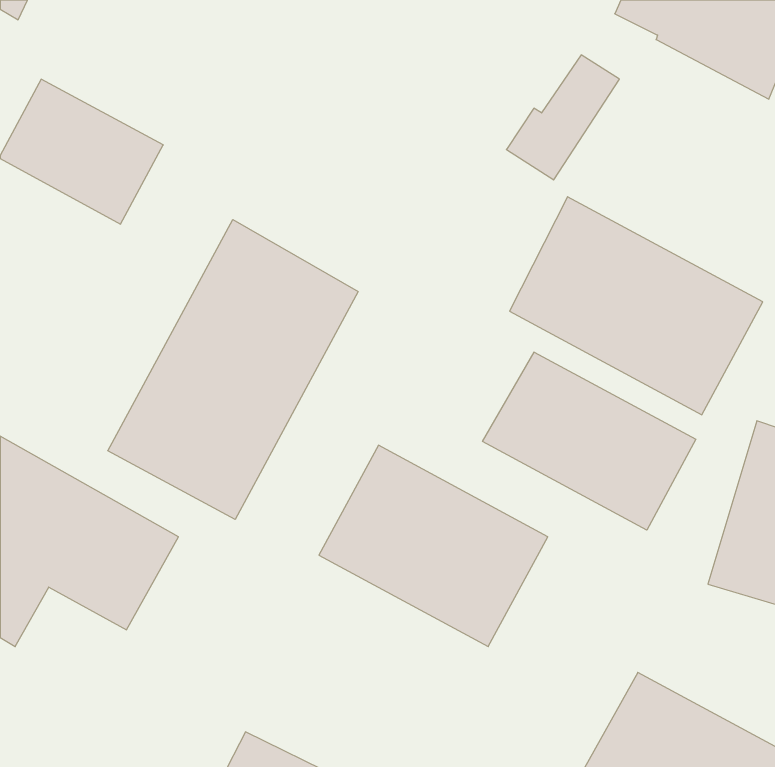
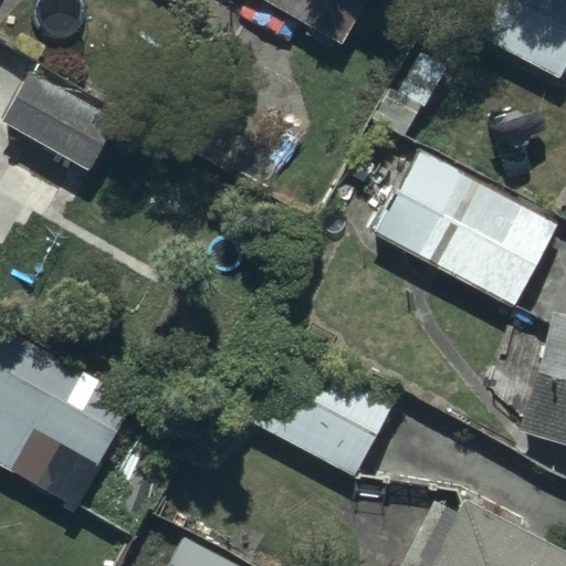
building: [108,220,358,519] -> none
building: [483,352,696,530] -> none

